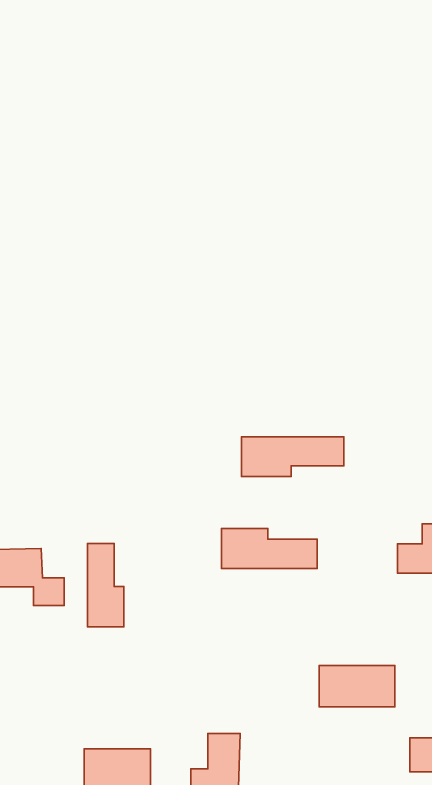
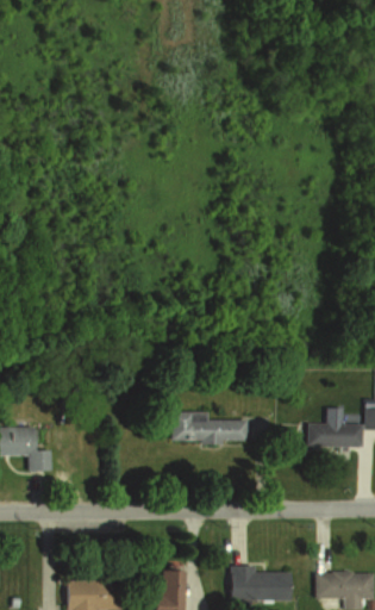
building: [241,437,344,476] -> none
building: [88,544,124,627] -> none
building: [319,665,395,707] -> [231,568,289,600]

